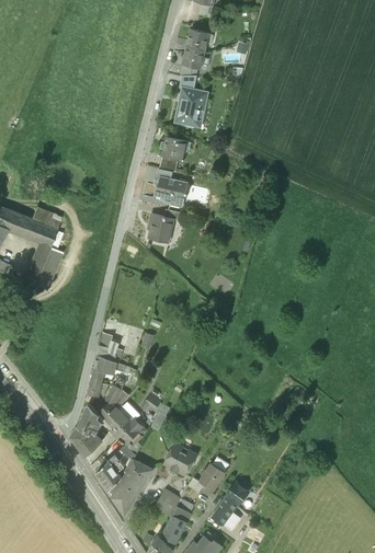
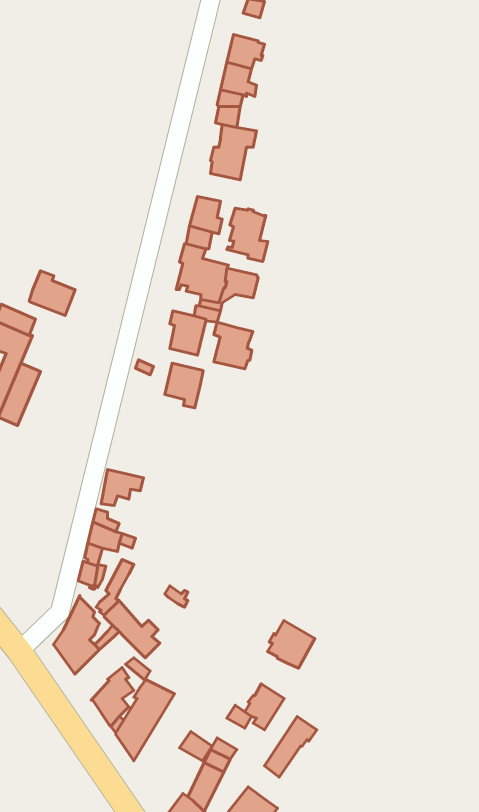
building: none -> [227,208,268,262]
building: none -> [29,271,75,315]
building: none -> [214,322,253,369]
building: none -> [165,363,203,408]
building: [164,442,196,474] -> [267,621,315,668]

